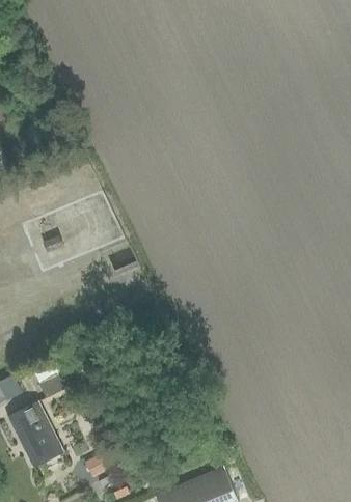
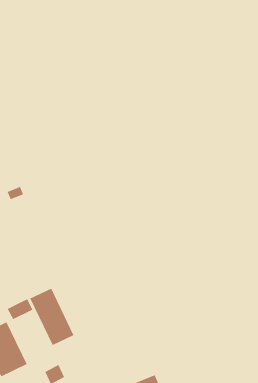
building: none -> [30,288,74,346]

